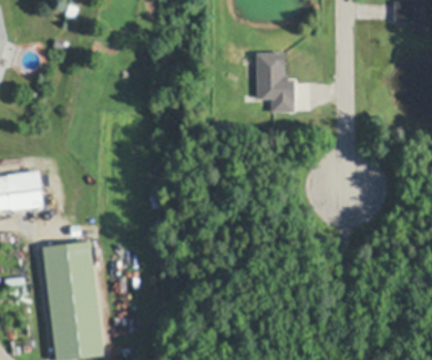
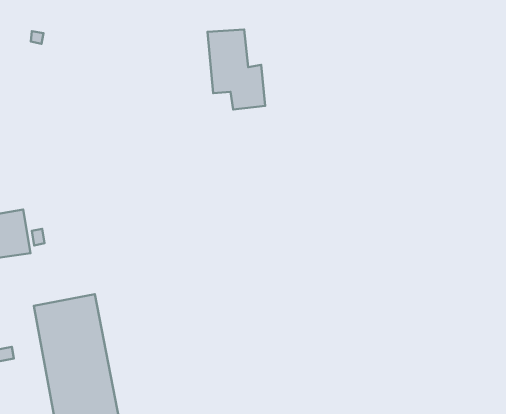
building: [254,54,294,114] -> [207,29,265,109]

